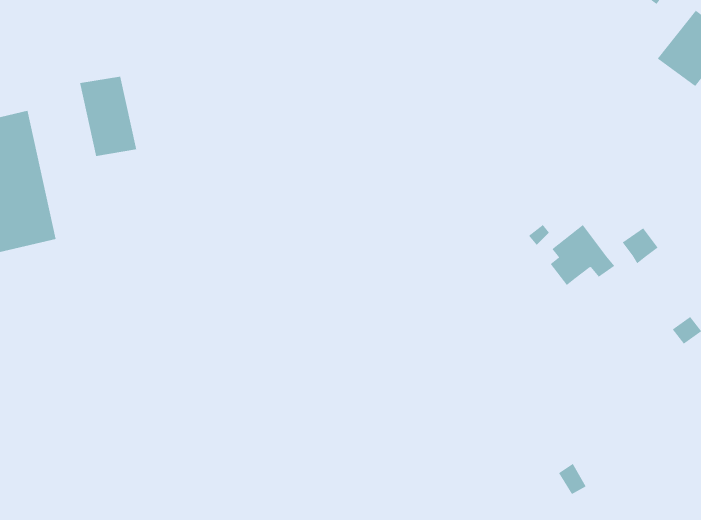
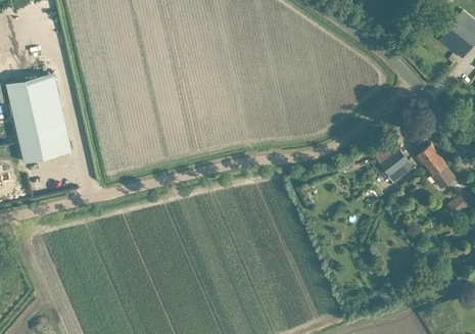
building: [79,76,137,157] -> none
building: none -> [426,157,454,189]

